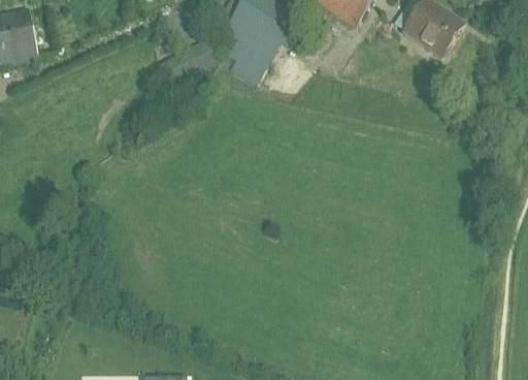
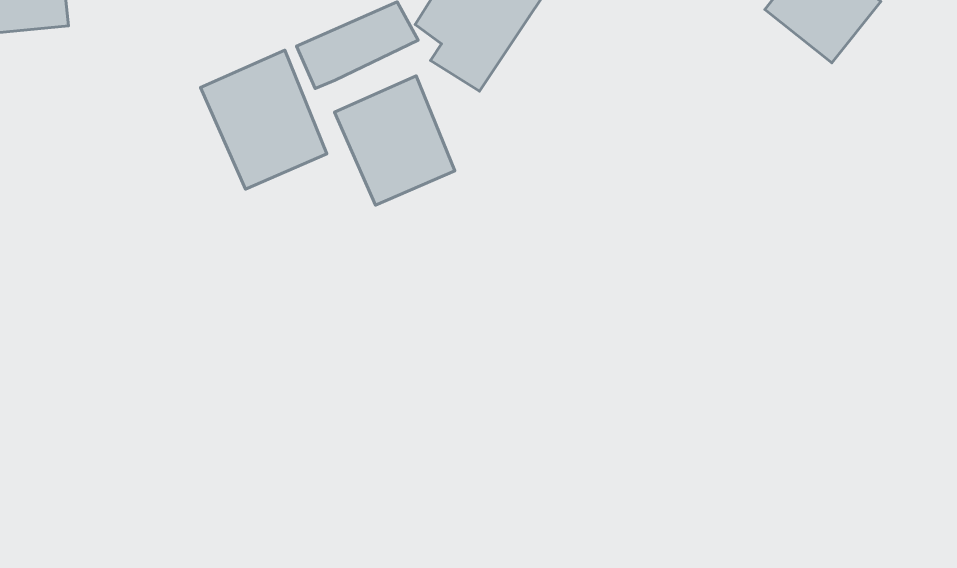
building: none -> [201,50,327,189]
building: none -> [335,76,455,205]

